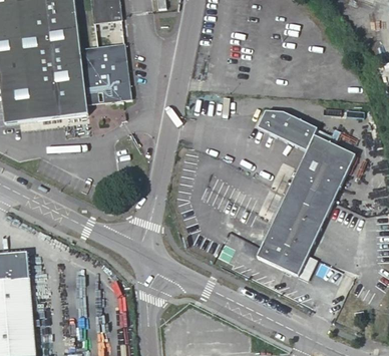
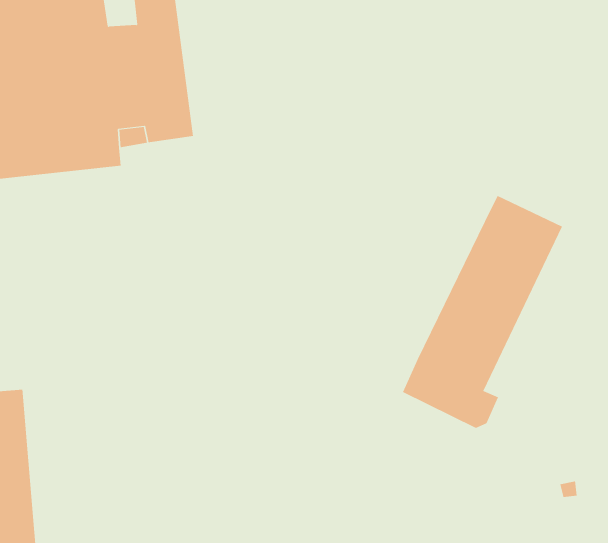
building: [258,109,319,150] -> none

